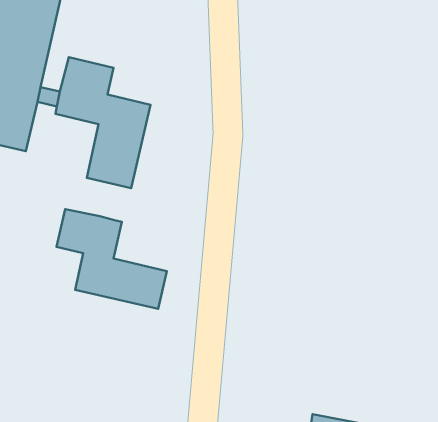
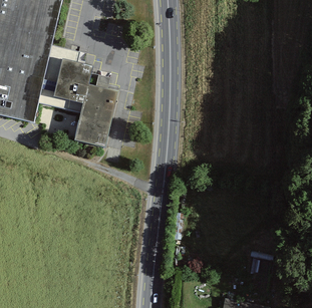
building: [57,209,167,309] -> none

